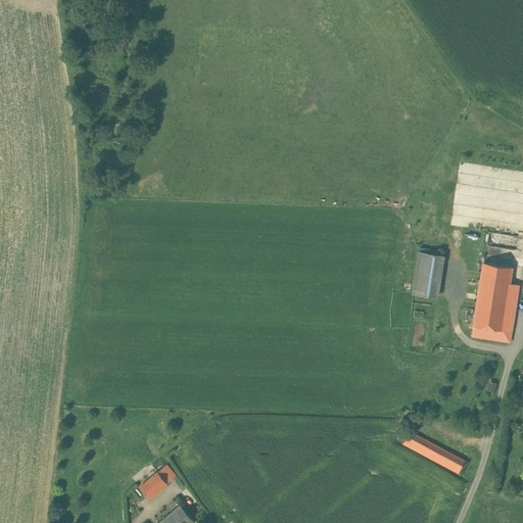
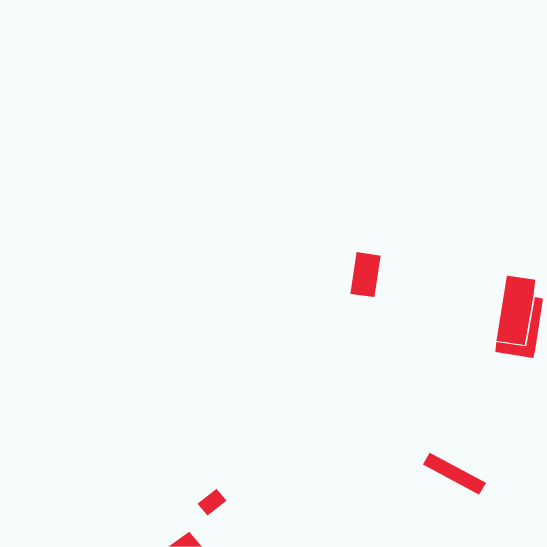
building: [413,252,443,296] -> [349,251,382,297]
building: [138,472,168,500] -> [196,488,228,517]

